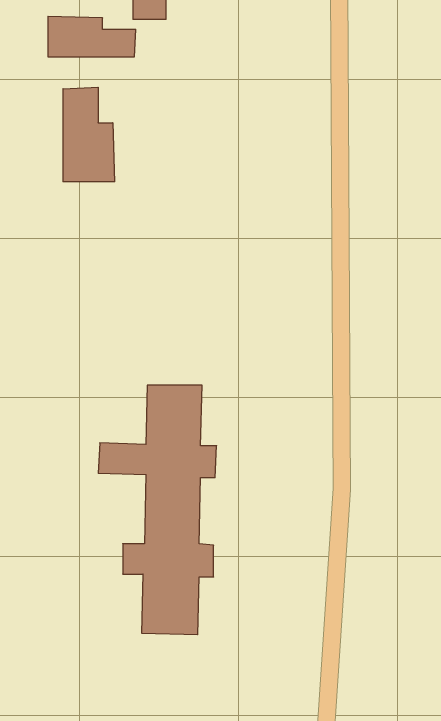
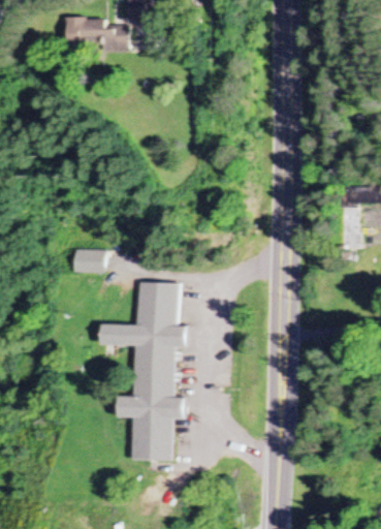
building: [63,87,115,182] -> none
building: none -> [70,248,100,271]

